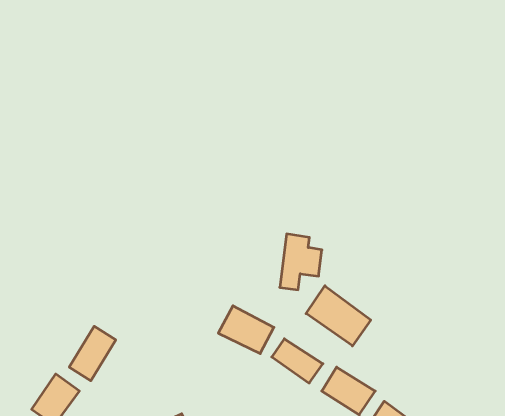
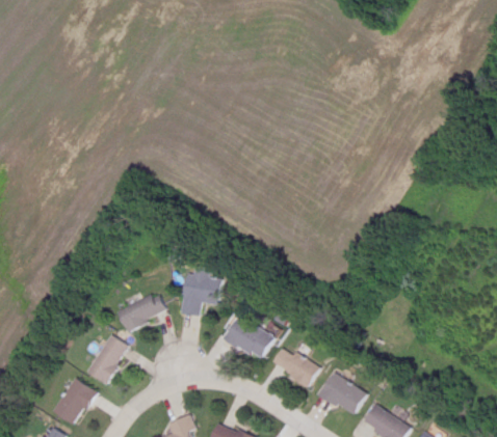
building: [280,234,322,290] -> [182,265,220,316]
building: none -> [117,292,166,331]
building: [306,286,371,346] -> none

